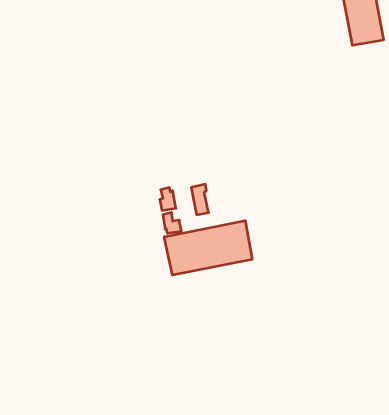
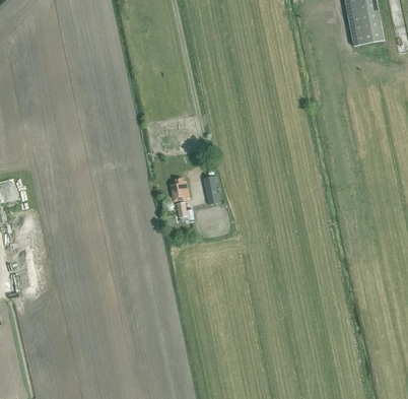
building: [164,221,252,275] -> none

